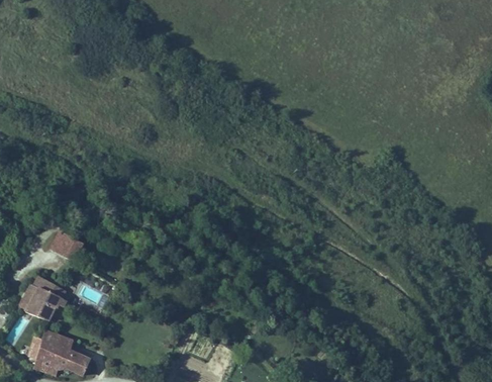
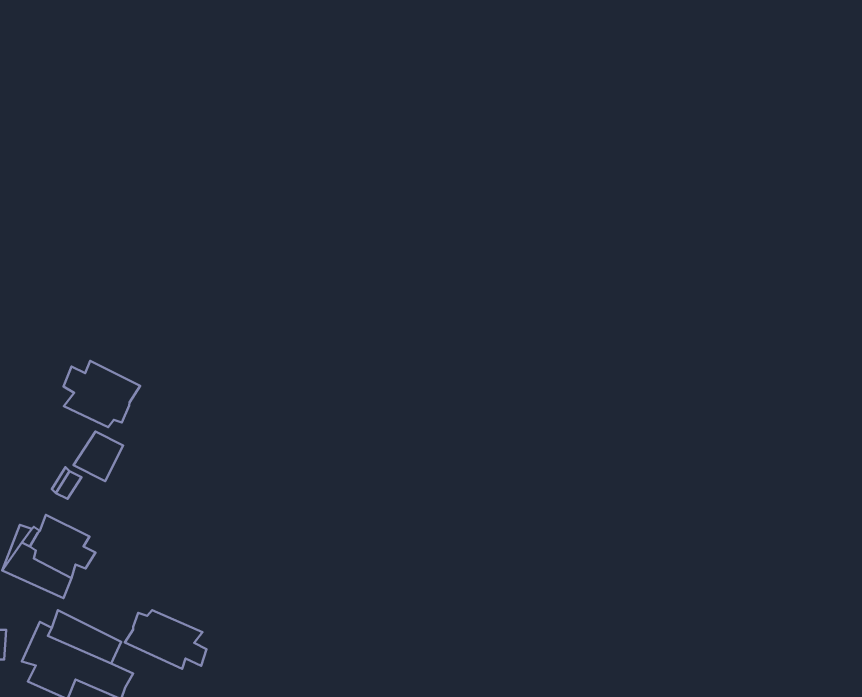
building: none -> [64,361,140,427]
building: none -> [125,610,206,669]

